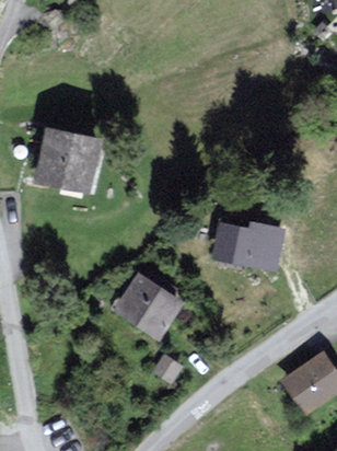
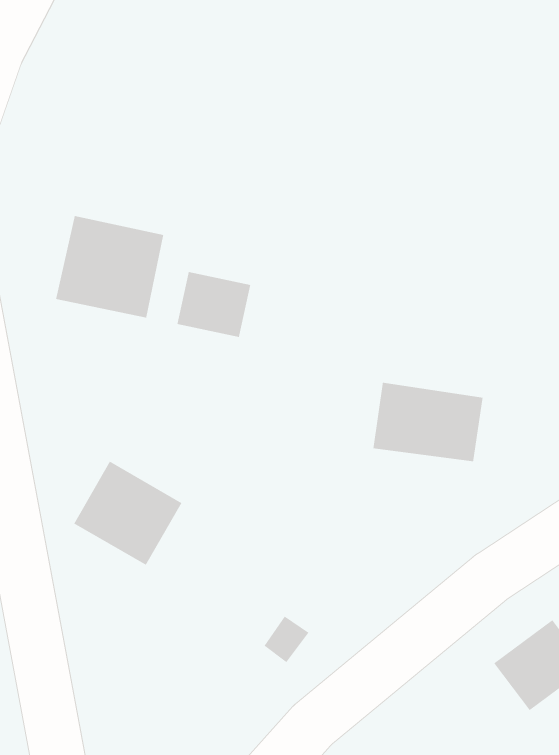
building: none -> [177,271,251,338]
building: [117,274,179,334] -> [73,461,182,566]

